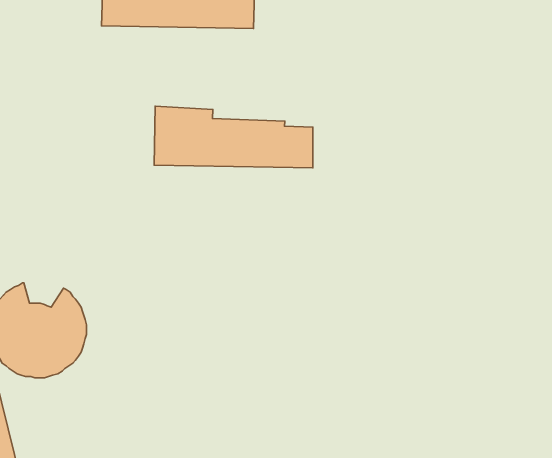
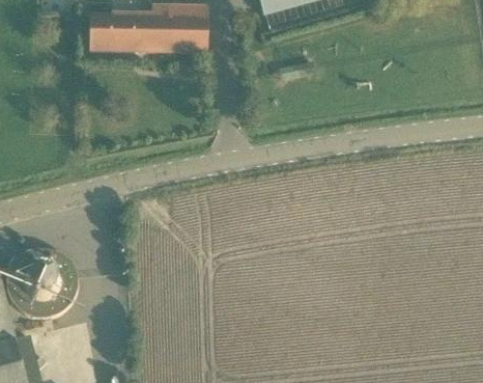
building: [154,106,313,168] -> none

